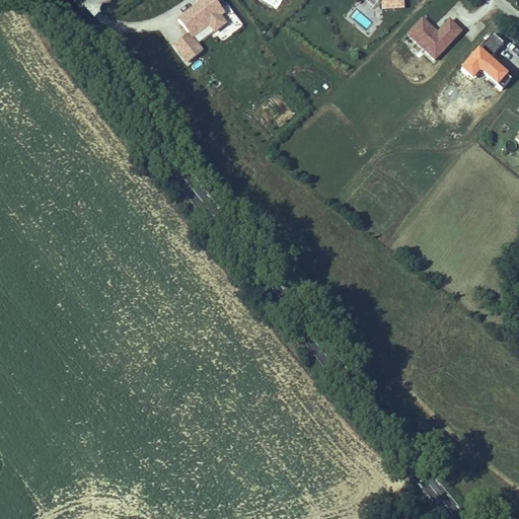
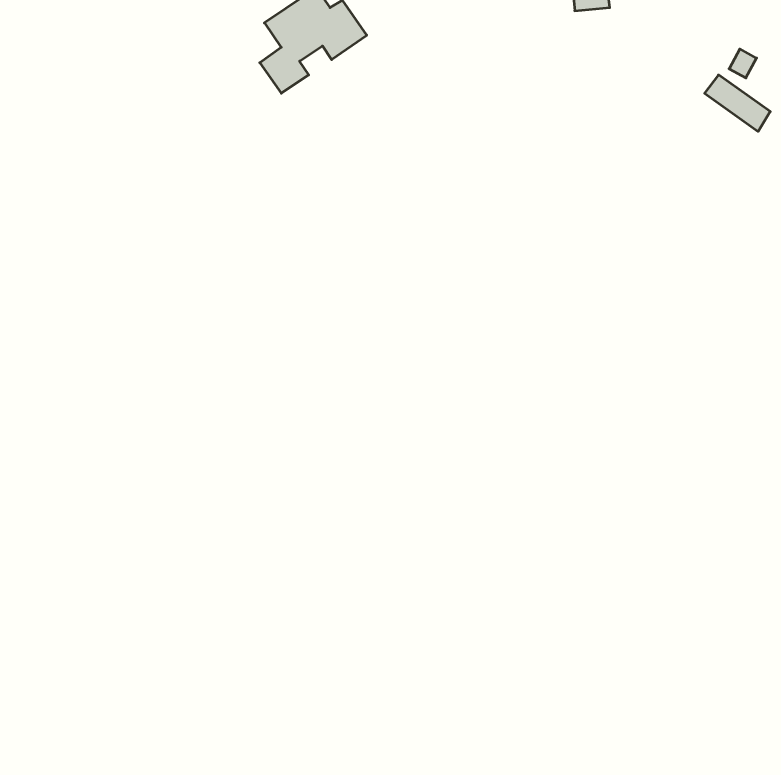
building: [405,15,464,60] -> none

